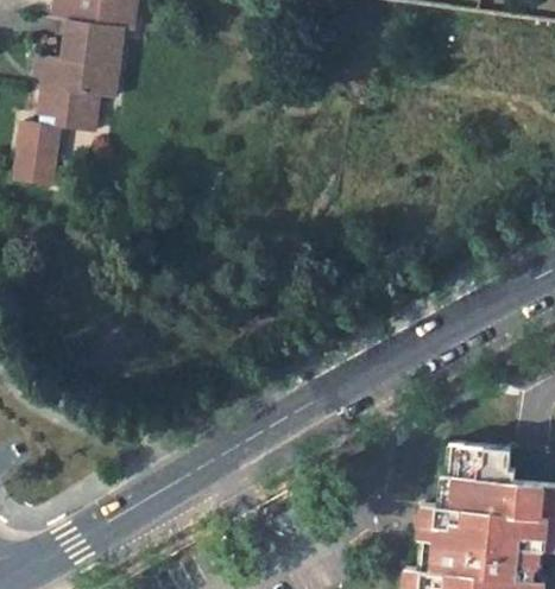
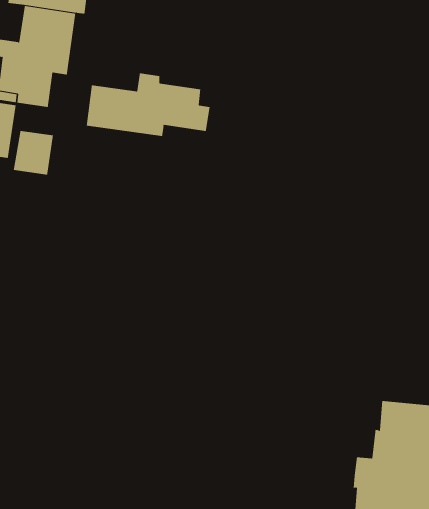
building: none -> [86,72,210,137]
building: none -> [13,130,53,176]

